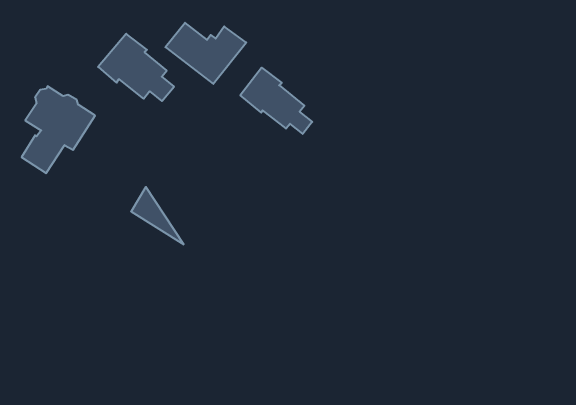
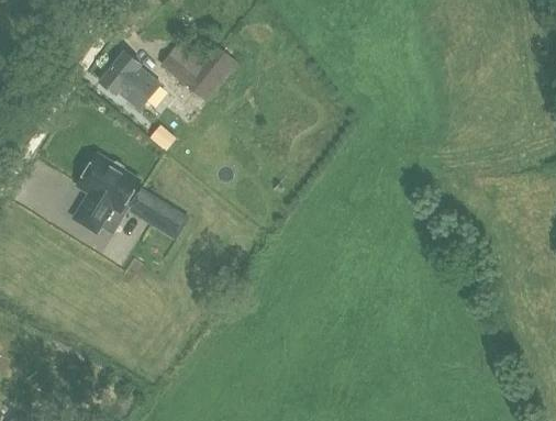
building: [240,68,312,134] -> none
building: [22,86,95,173] -> [76,155,142,233]

